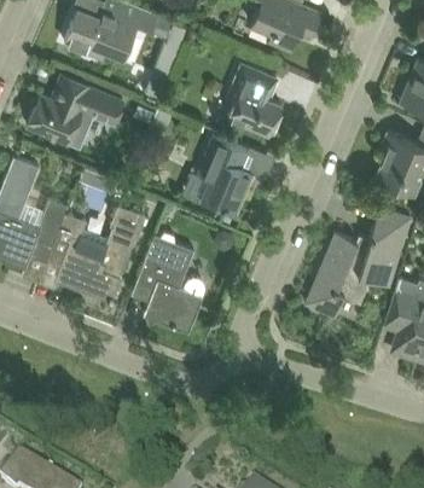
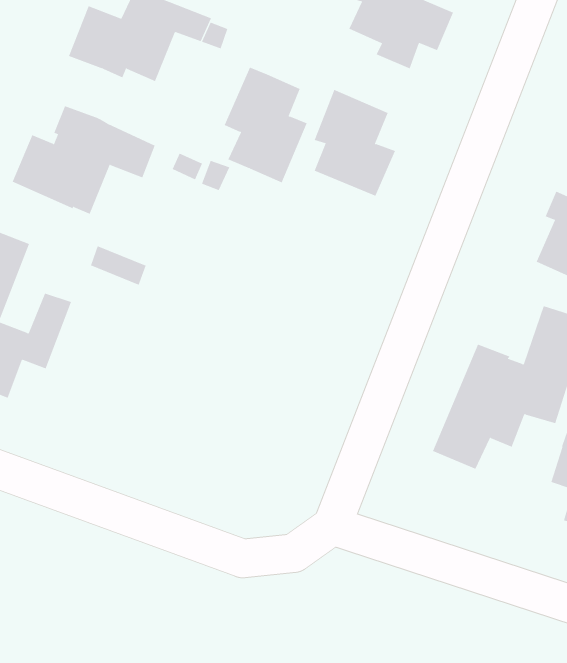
building: [197,135,252,213] -> [224,67,308,183]
building: [45,204,145,302] -> none
building: [132,232,204,331] -> none

